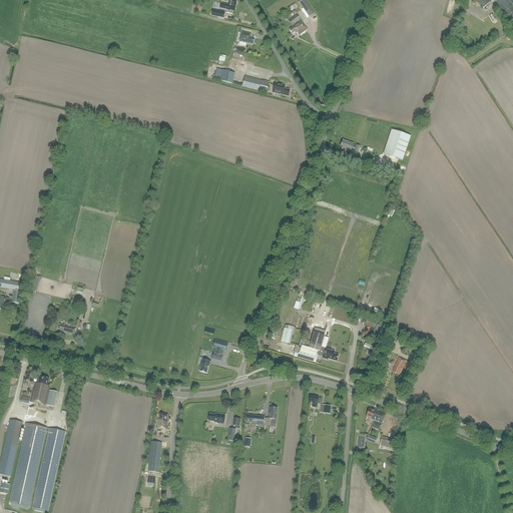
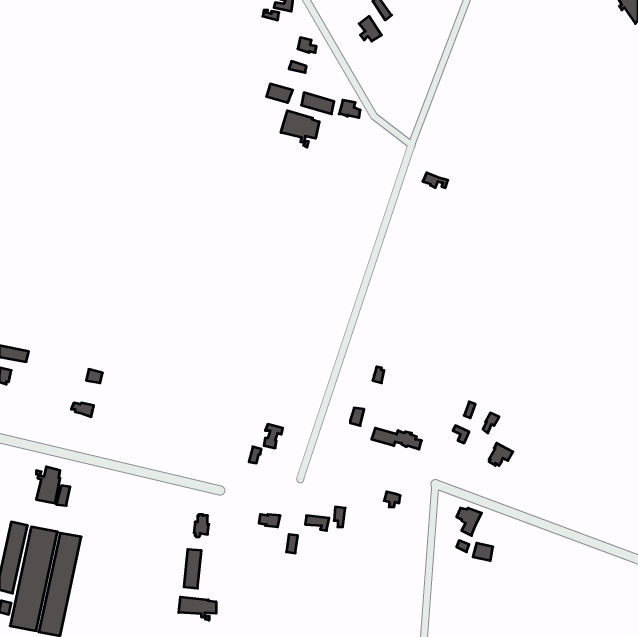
building: none -> [281,111,319,147]
building: [383,128,410,158] -> none
building: none -> [179,597,216,620]

